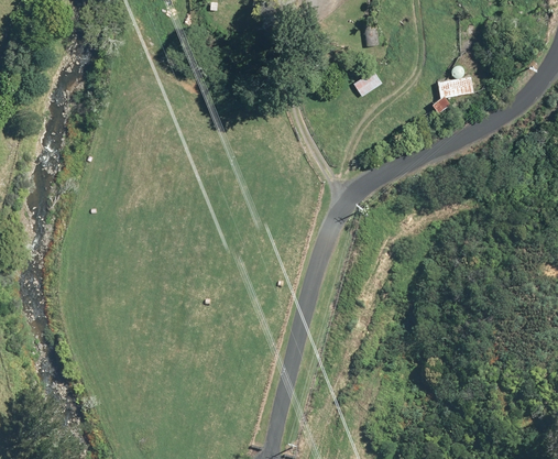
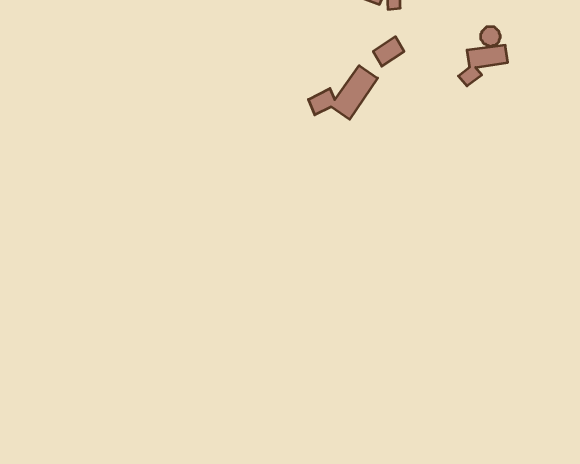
building: none -> [308,66,378,119]

